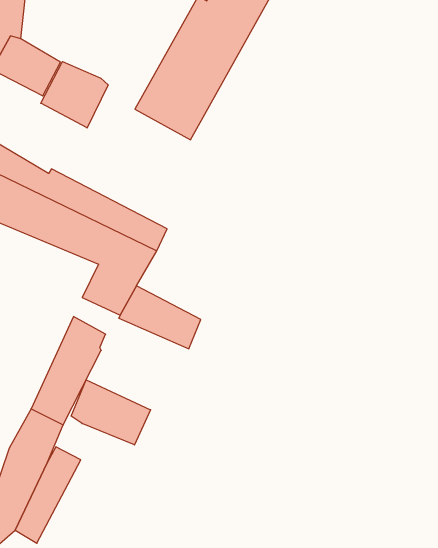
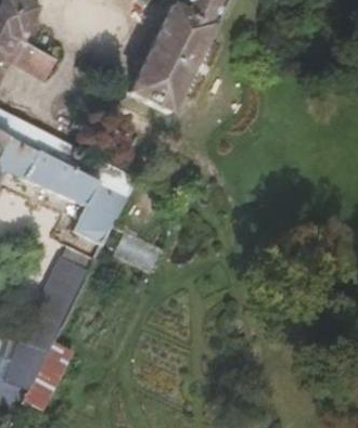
building: [41,62,108,128] -> none
building: [71,380,151,445] -> none

